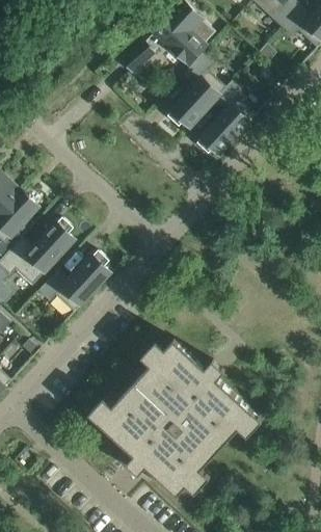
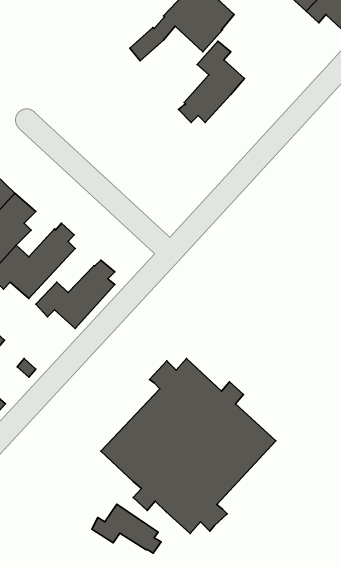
building: [196,81,256,154] -> none
building: none -> [92,504,161,553]

